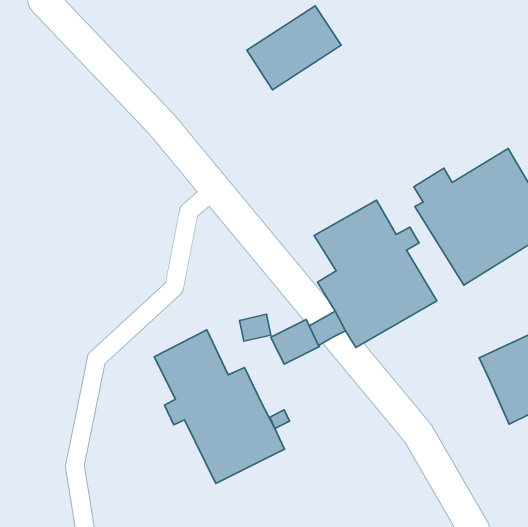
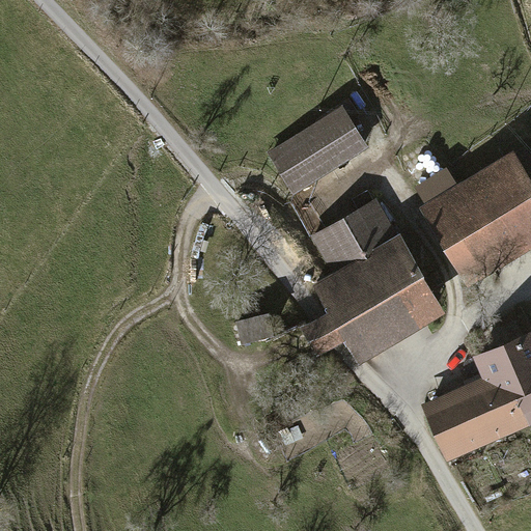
building: [247,6,341,90] -> [269,109,363,193]
building: [154,330,285,483] -> none
building: none -> [429,383,511,454]

